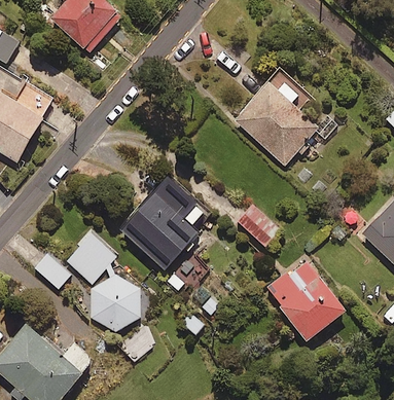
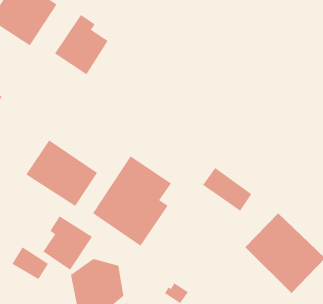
building: none -> [54,14,108,75]
building: [235,70,336,165] -> none
building: none -> [25,140,98,207]

